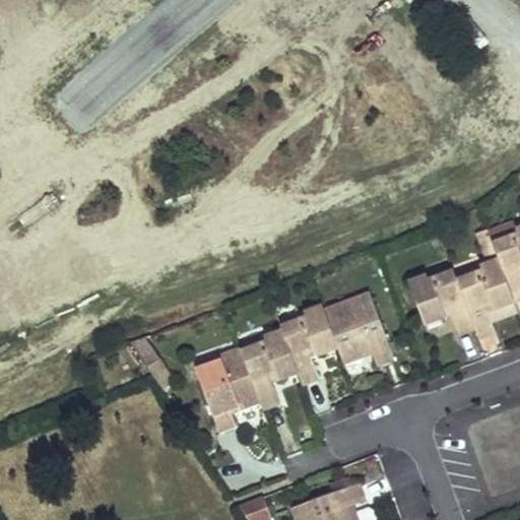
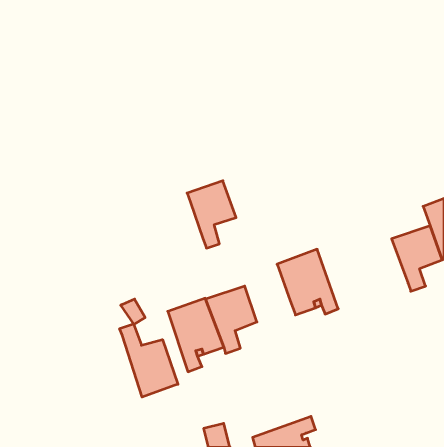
building: [409,266,474,334] -> none
building: [280,307,337,385] -> [187,181,236,248]
building: none -> [120,324,178,397]

